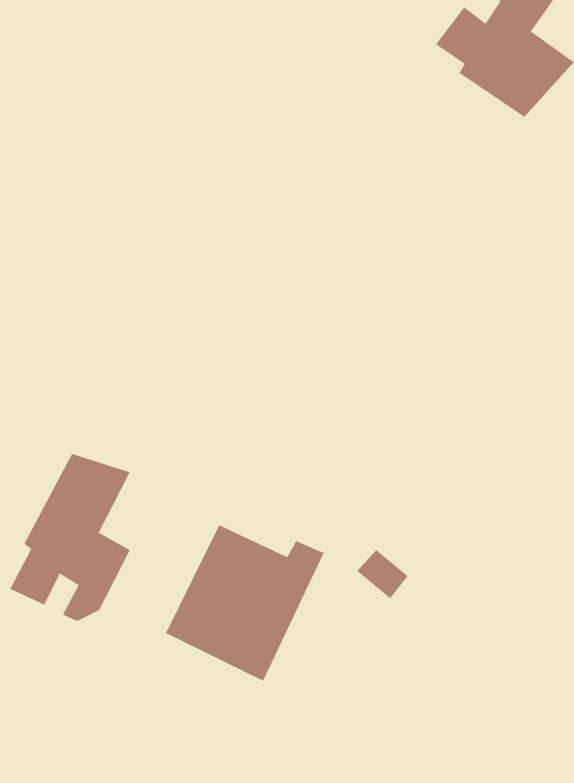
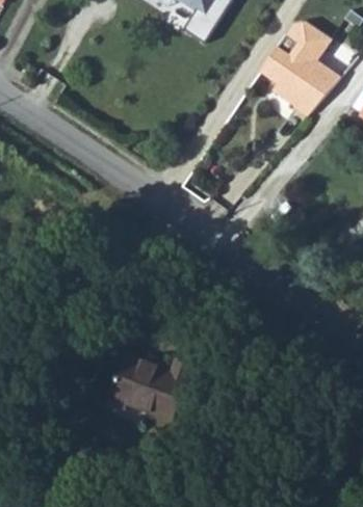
building: [10,453,131,622] -> none

